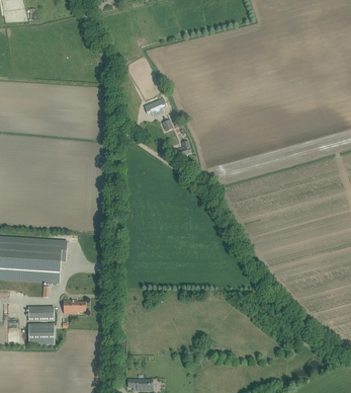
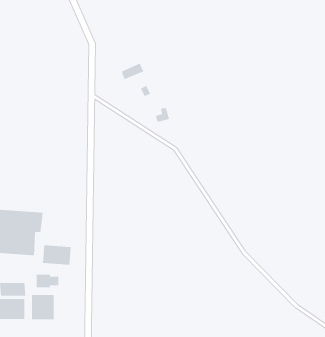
building: none -> [42,245,71,265]
building: none -> [31,294,54,320]

